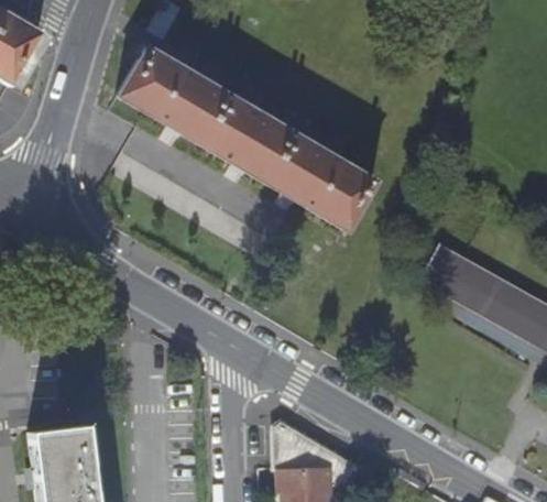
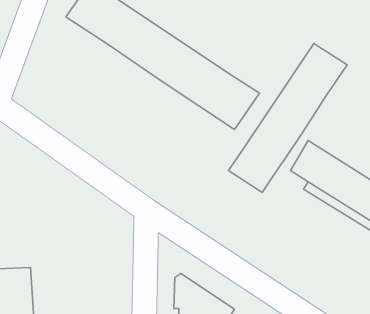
building: none -> [229,43,347,193]

